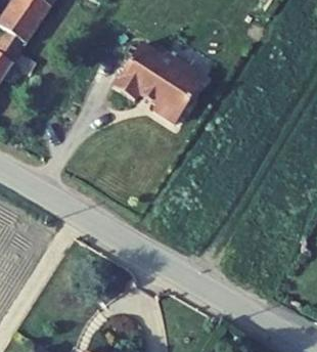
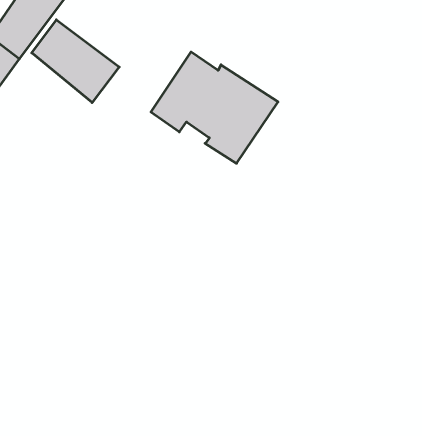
building: none -> [32,20,119,103]

